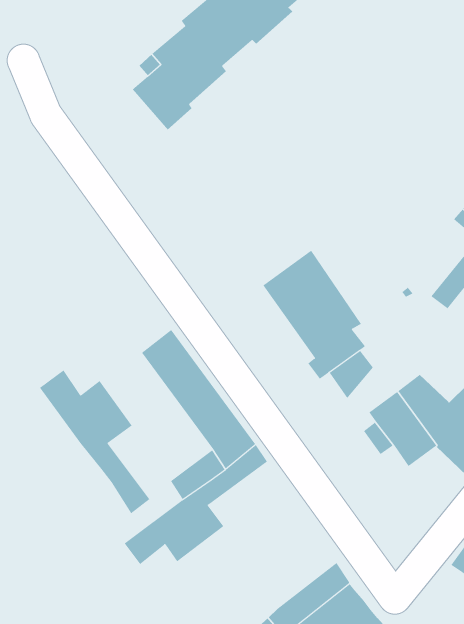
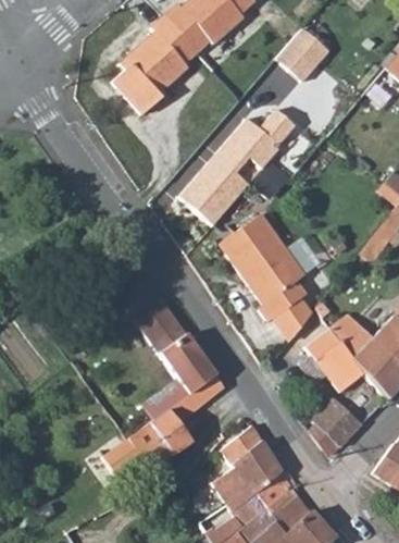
building: none -> [277,27,336,86]
building: none -> [178,115,289,227]
building: [39,370,150,514] -> none
building: none -> [310,397,362,455]
building: none -> [215,424,282,507]

